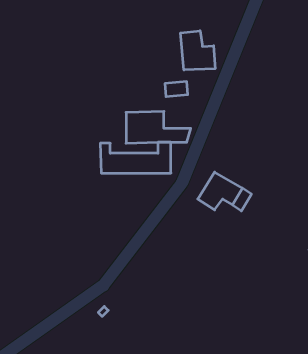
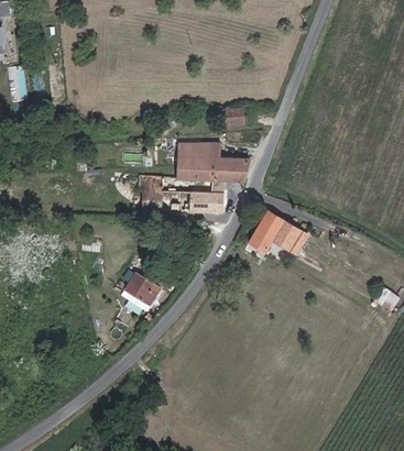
building: [181,31,215,70] -> none
building: none -> [123,275,161,307]

